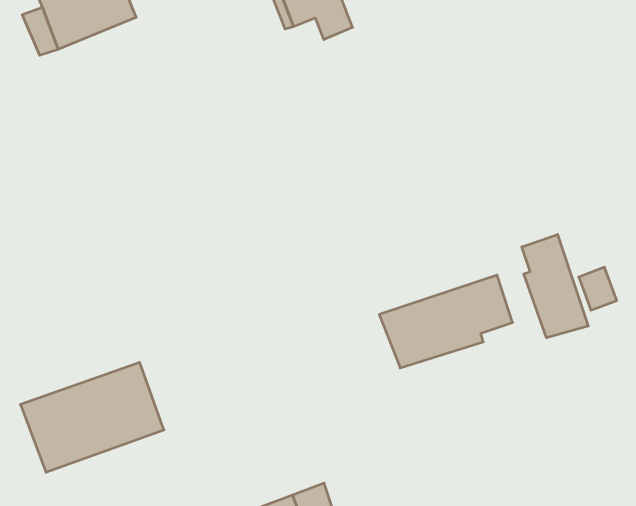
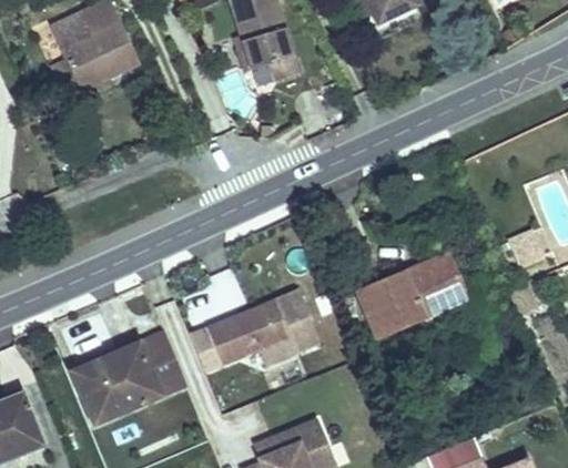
building: [522,234,588,338] -> none
building: none -> [201,286,310,363]

